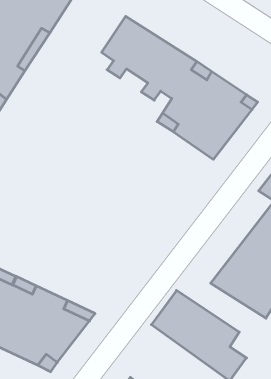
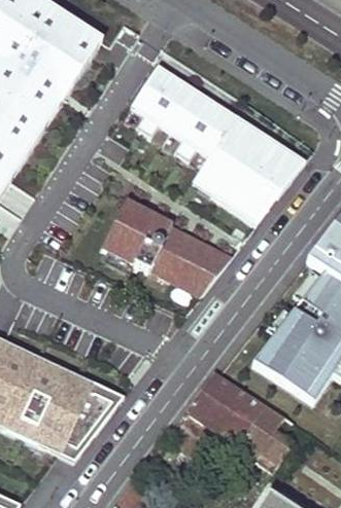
building: none -> [102,199,232,294]

